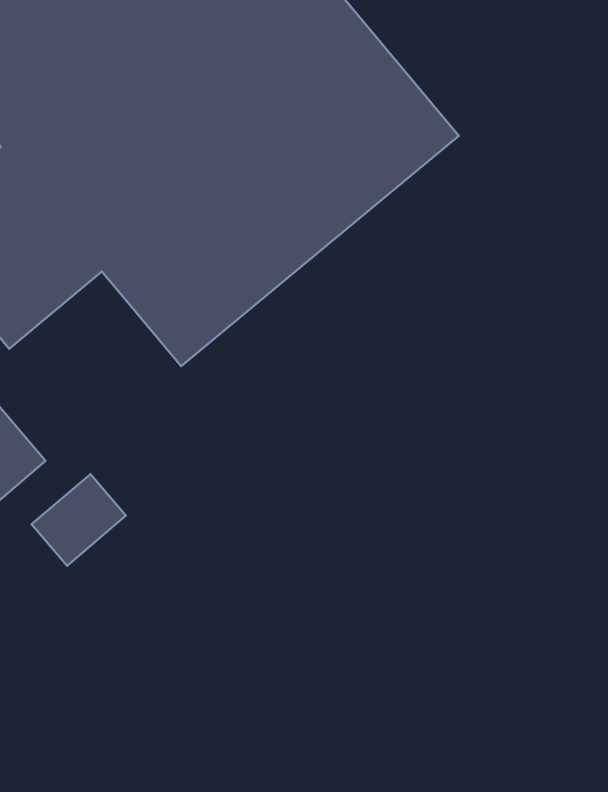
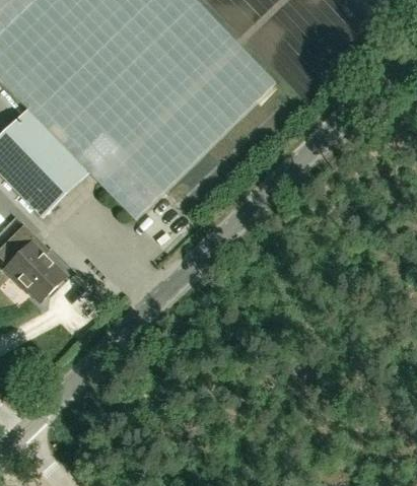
building: [32,474,126,566] -> none

